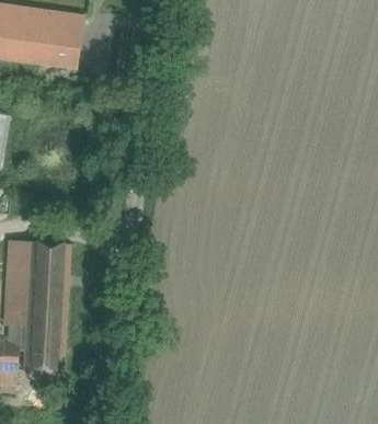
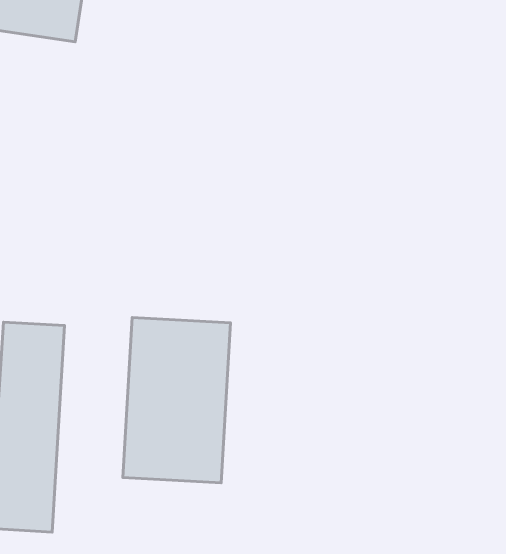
building: none -> [123,317,231,483]

